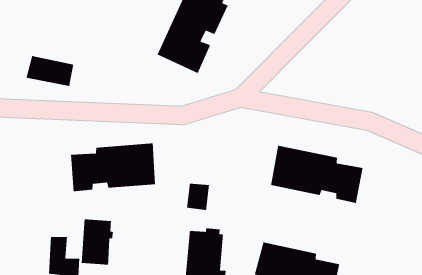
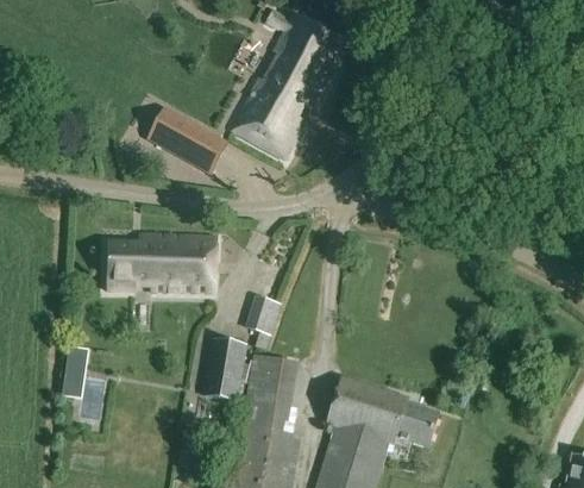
building: [25,55,74,87] -> [140,115,205,161]
building: [270,145,364,204] -> none
building: [81,219,114,265] -> [201,339,247,402]

